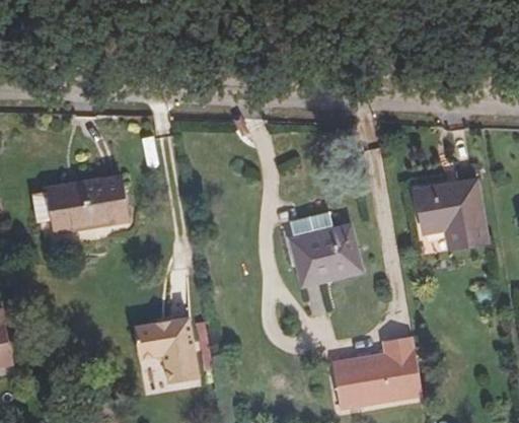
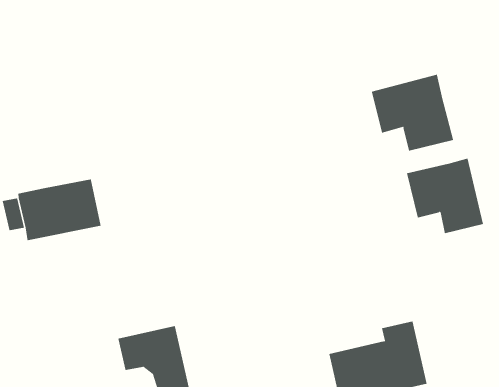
building: none -> [371,74,454,152]
building: [285,205,359,280] -> none

